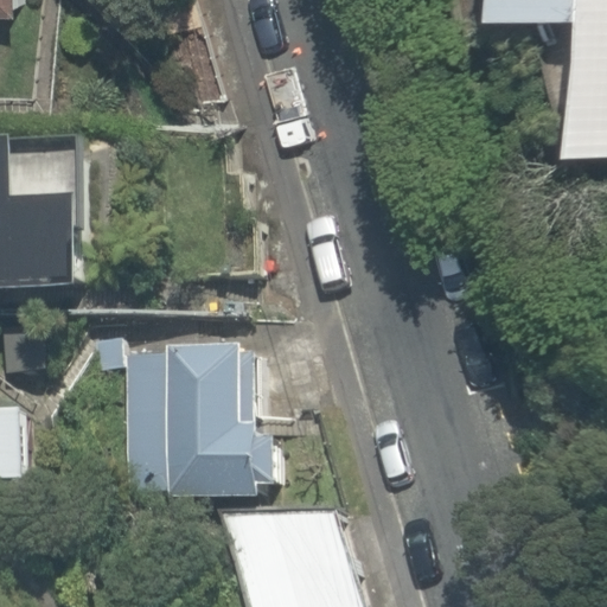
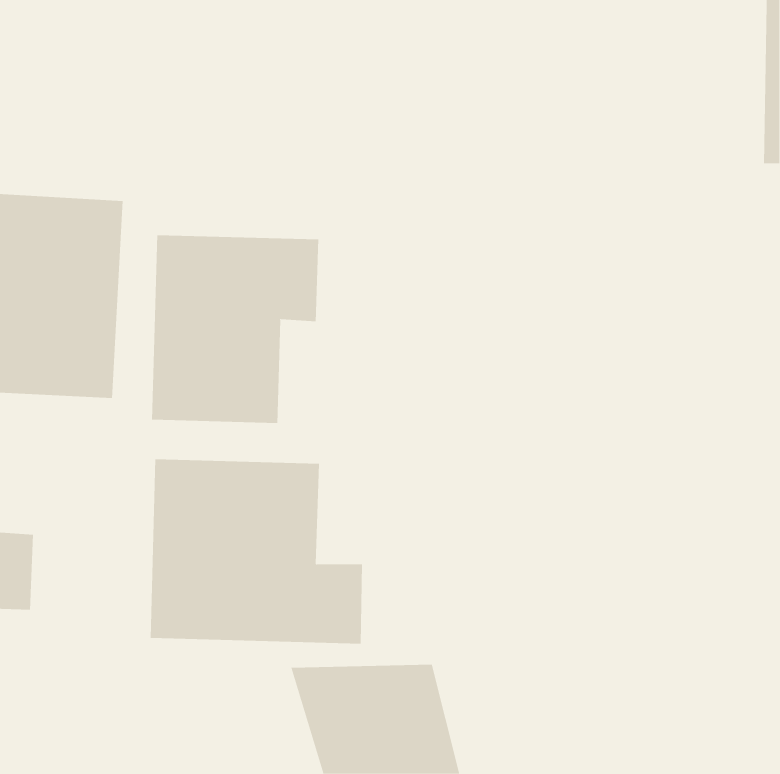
building: none -> [151,235,319,424]

